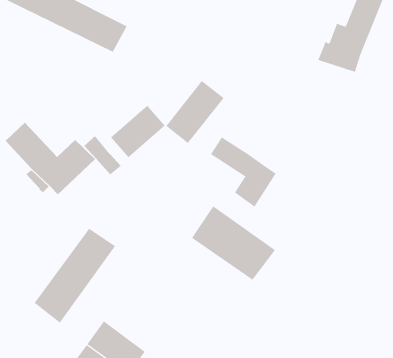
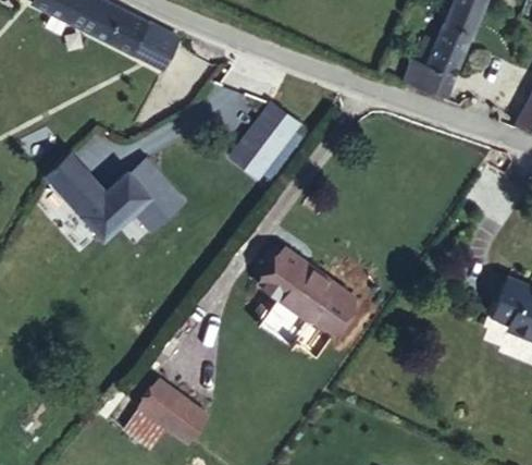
building: [110,105,165,158] -> none
building: [210,136,276,208] -> none
building: [34,228,116,323] -> none

